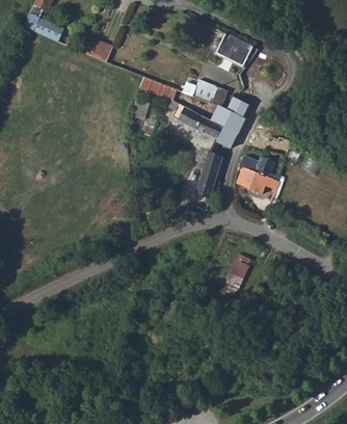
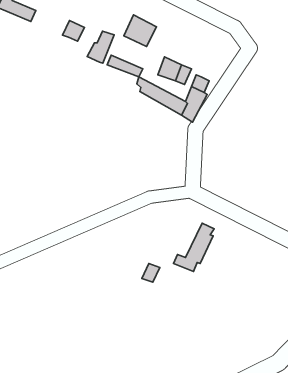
building: [216,31,250,64] -> [124,15,156,47]
building: none -> [87,31,114,63]
building: [196,150,221,196] -> none
building: [238,155,278,203] -> none

